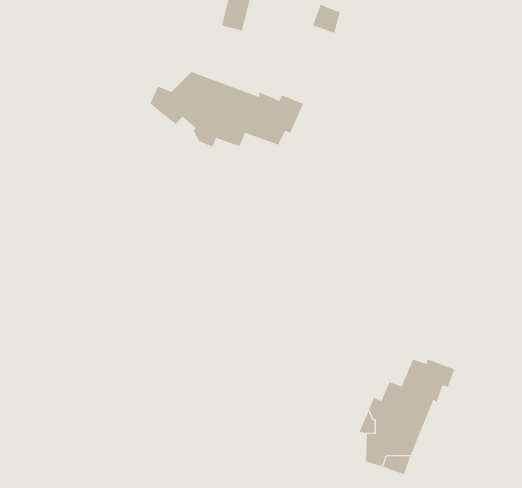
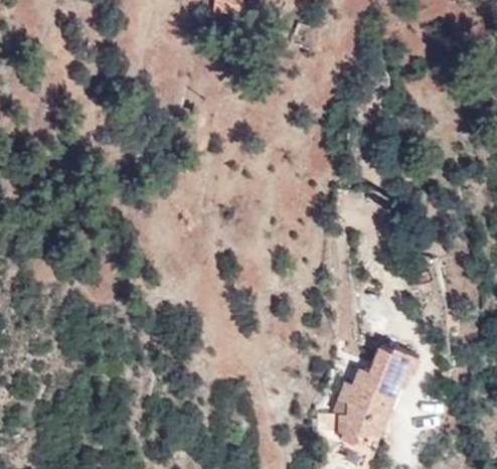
building: [149,71,304,147] -> none

